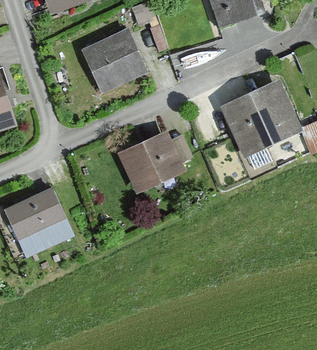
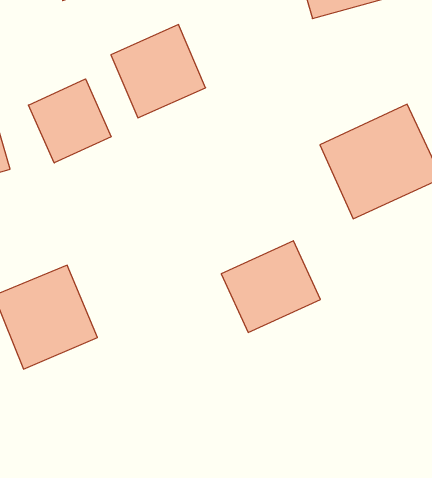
building: none -> [28,79,111,163]
building: [119,131,185,192] -> [221,241,320,332]

